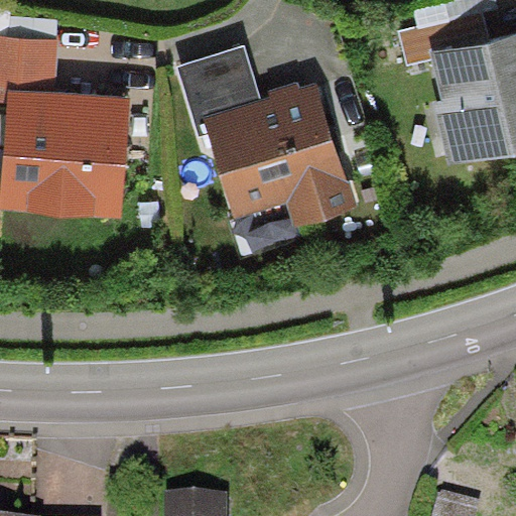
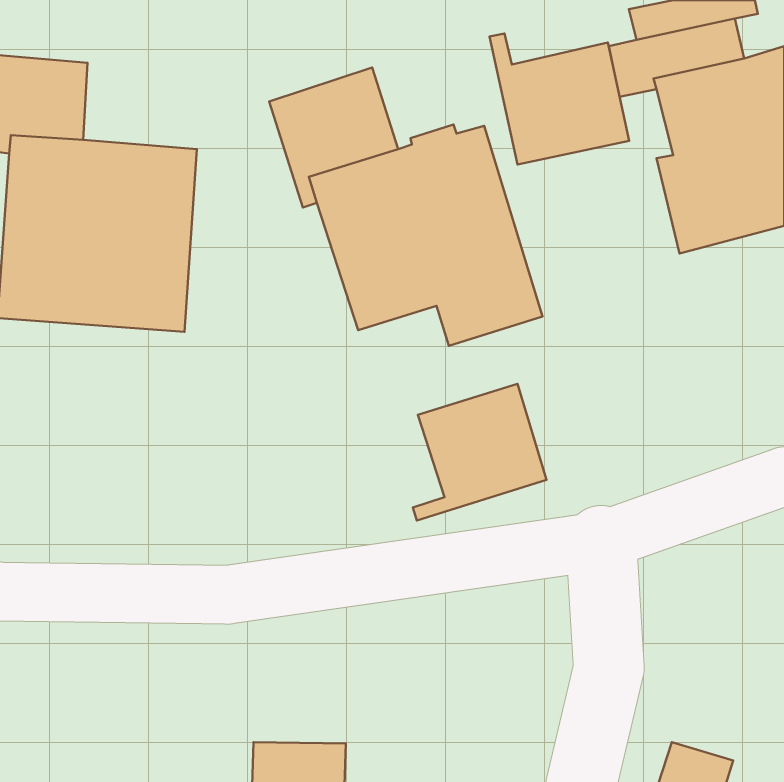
building: none -> [489,34,629,164]
building: none -> [413,384,547,521]

